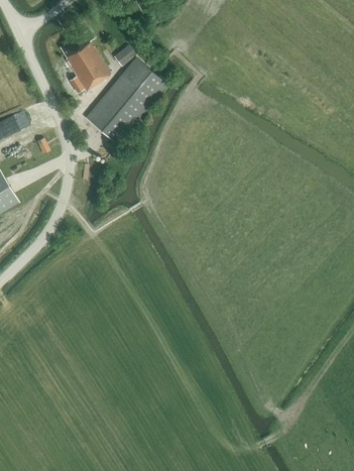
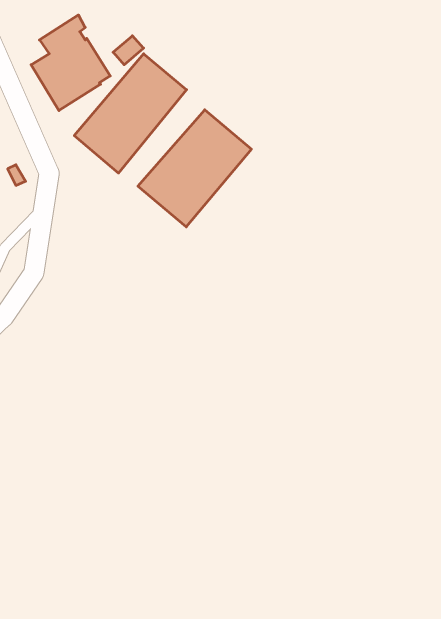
building: none -> [138,110,251,227]

